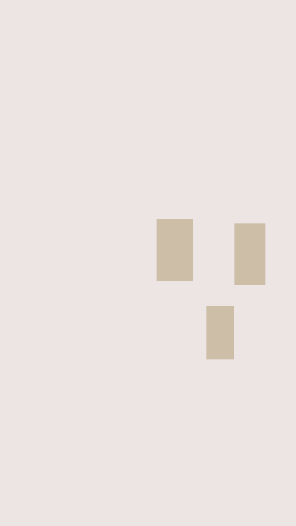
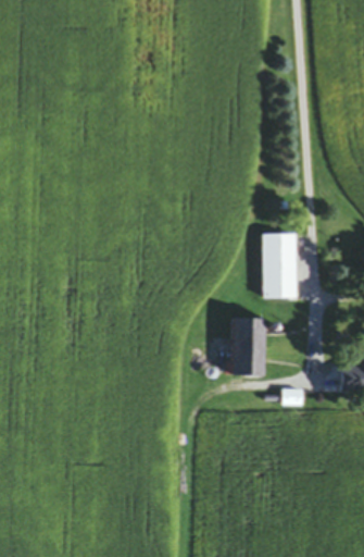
building: [156,218,194,282] -> none

